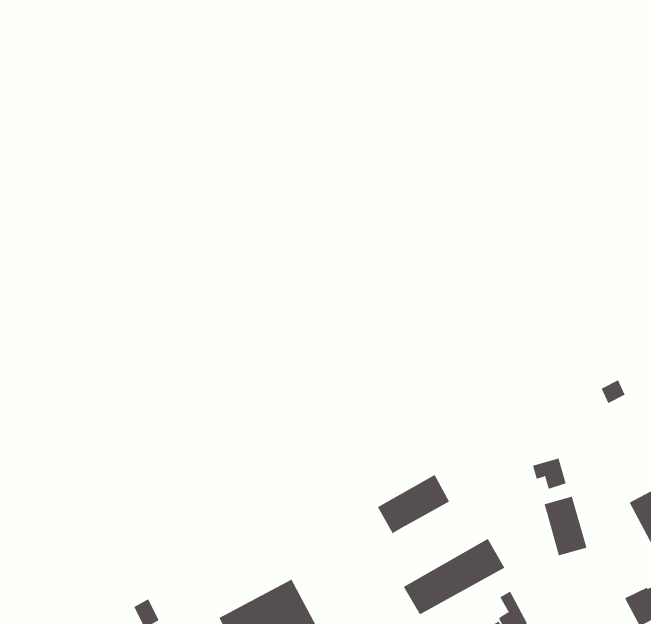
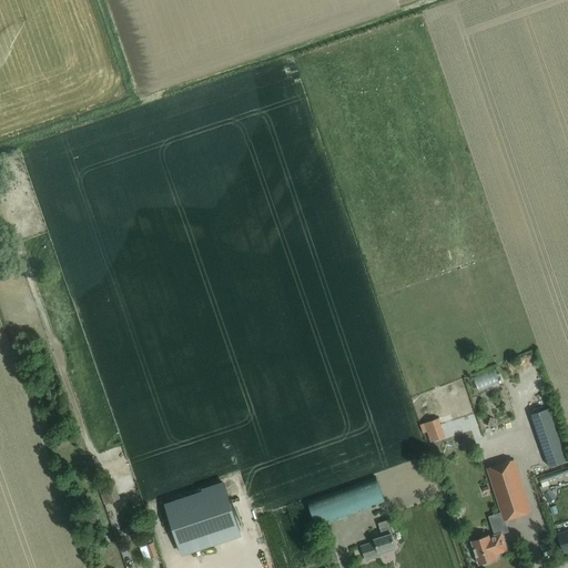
building: [377,474,450,534] -> none
building: [544,496,587,556] -> none

